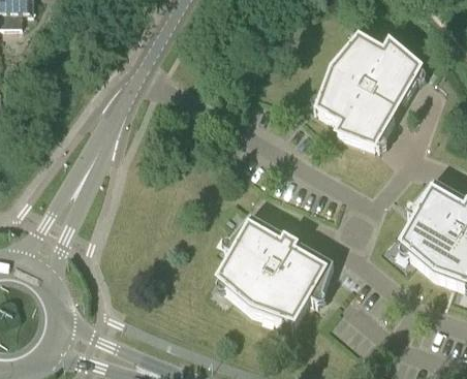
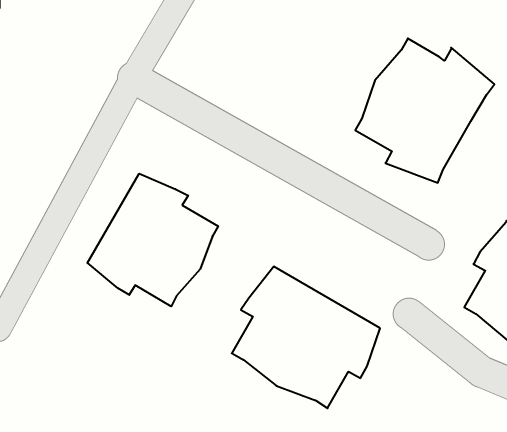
building: none -> [87,174,218,306]

